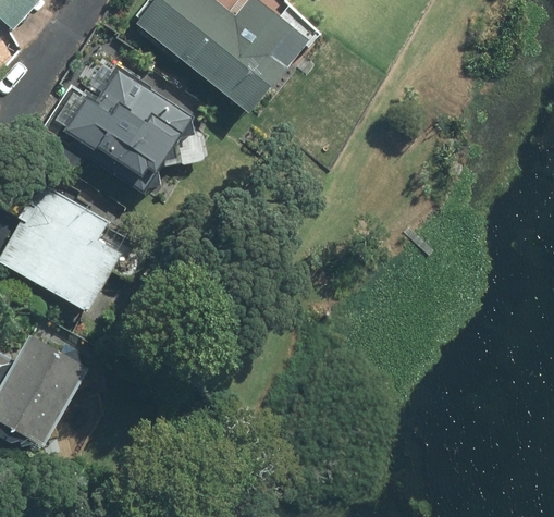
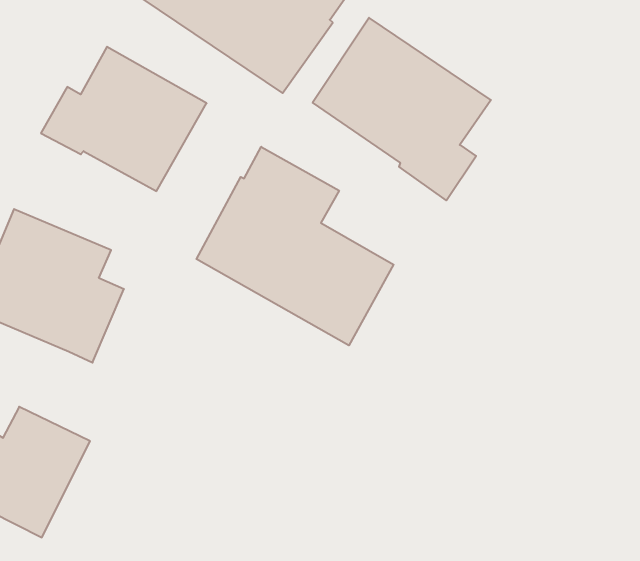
building: none -> [313,18,491,200]
building: none -> [196,147,394,345]

